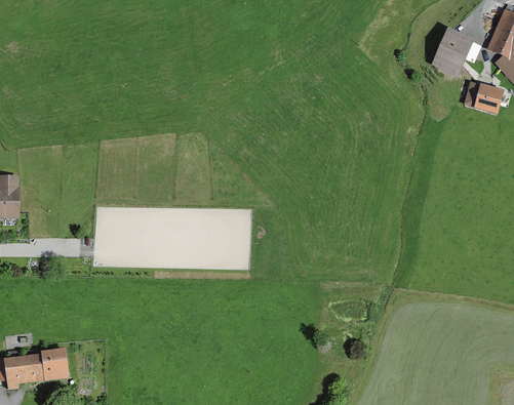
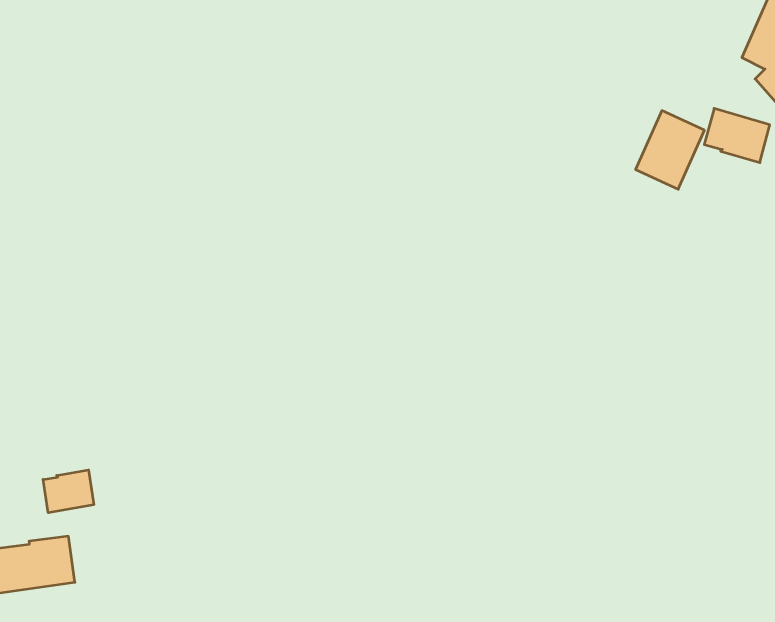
building: [432,27,475,76] -> [636,111,704,189]
building: none -> [43,470,94,513]

